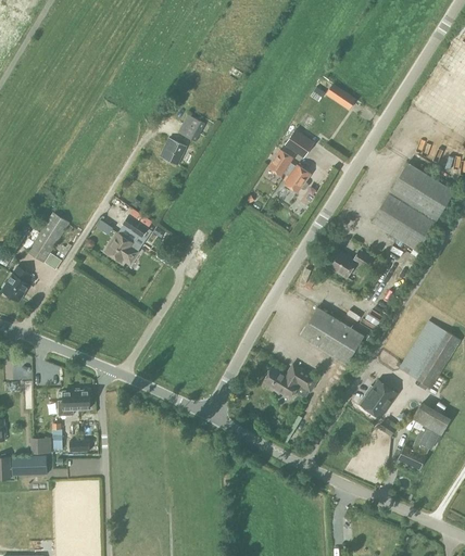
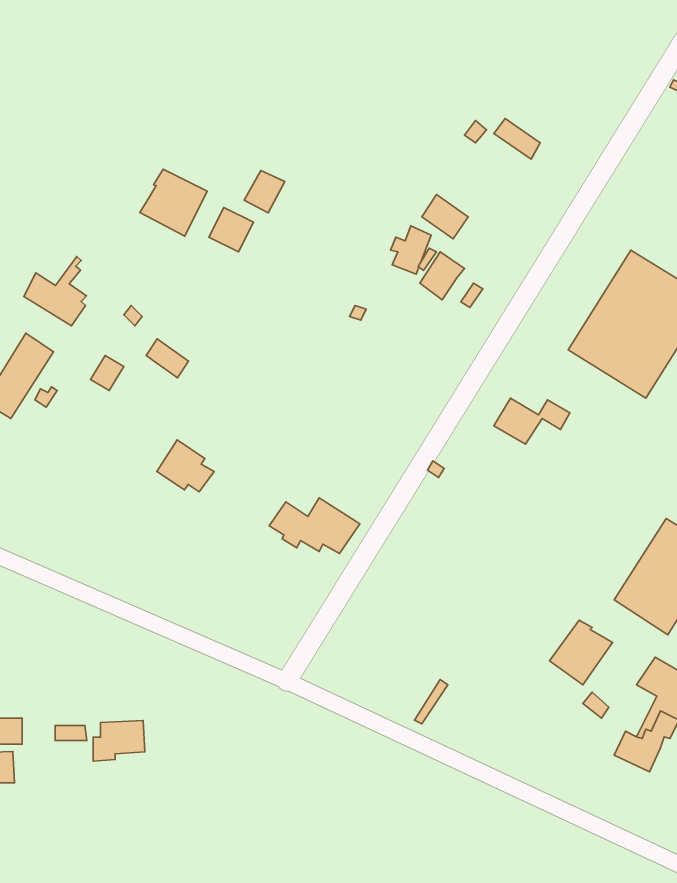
building: none -> [140,169,207,236]
building: none -> [24,257,86,326]
building: [105,232,139,263] -> [157,440,214,492]
building: [300,306,364,364] -> none
building: [263,365,316,397] -> [269,498,360,553]
building: [60,391,90,415] -> [93,721,145,761]

